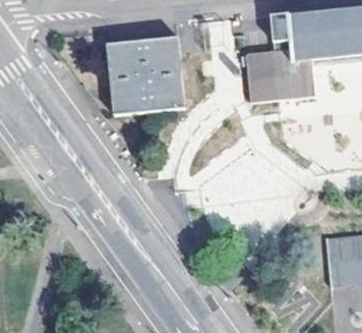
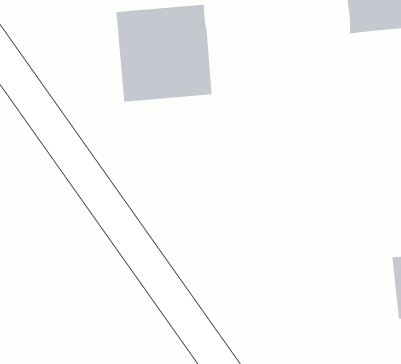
building: [246,51,314,100] -> none

